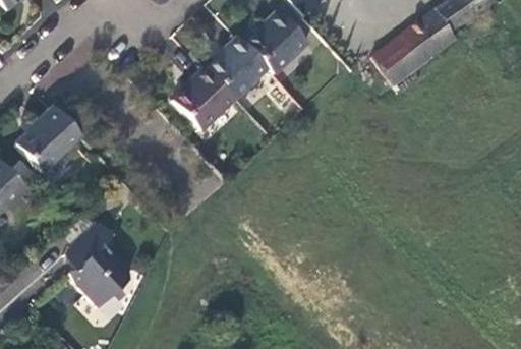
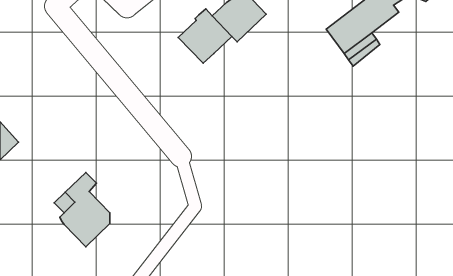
building: [173,65,234,128] -> none
building: [15,105,80,170] -> none

